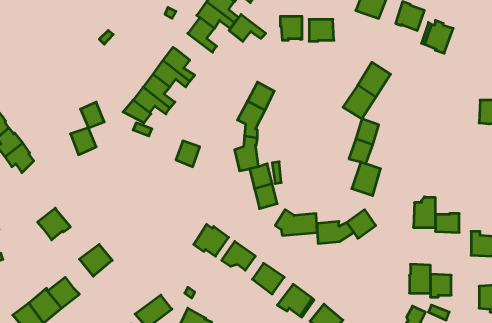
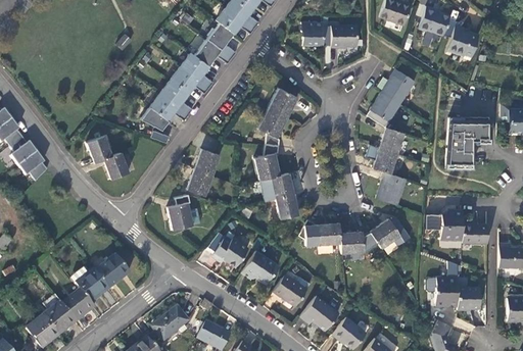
building: [229,14,266,41] -> [195,38,233,65]
building: [80,102,104,128] -> [104,151,129,178]
building: none -> [445,114,489,165]
building: none -> [188,167,212,194]
building: none -> [169,194,193,228]
building: [38,208,70,240] -> [77,267,110,300]

